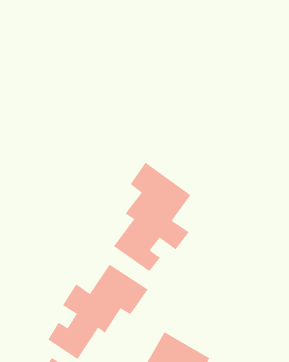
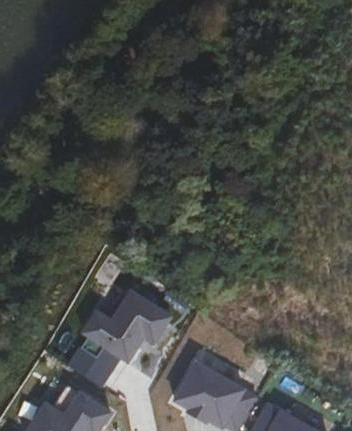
building: [113,162,191,272] -> none

